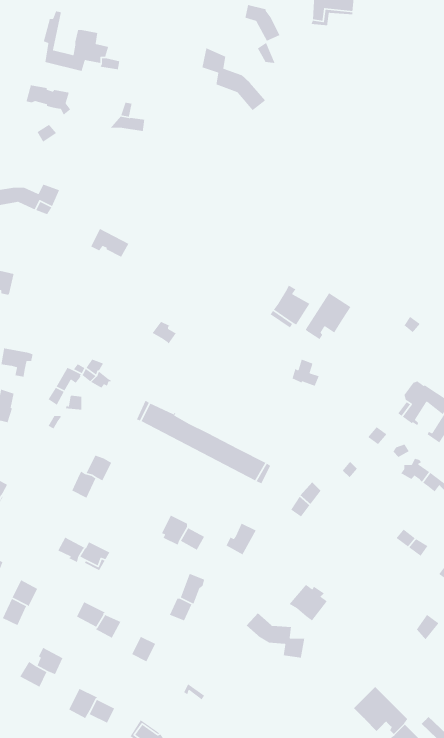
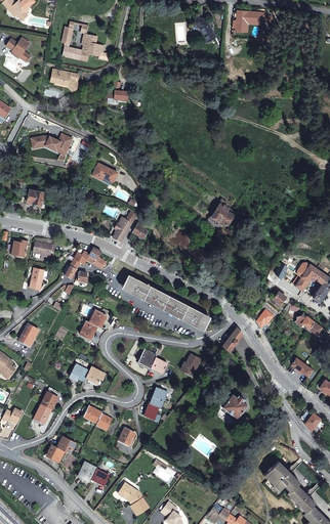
building: [201,47,266,111] -> none
building: [305,292,352,340] -> none
building: none -> [108,209,138,242]
building: [246,612,305,659] -> none

